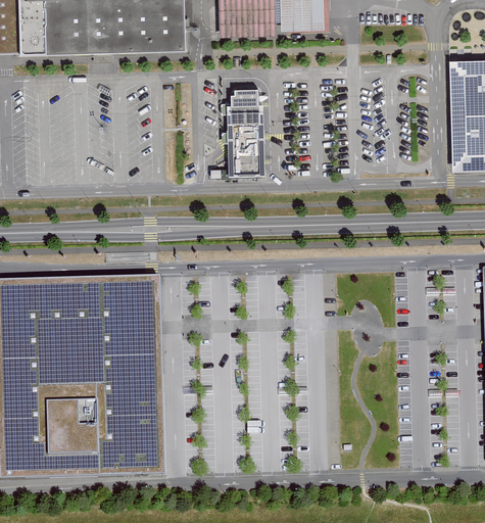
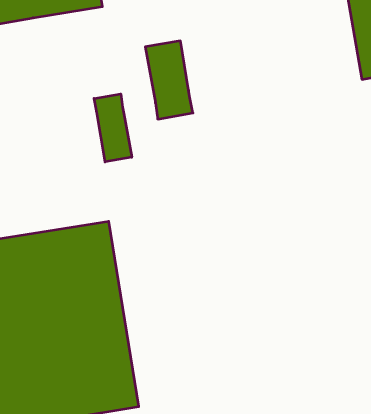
building: none -> [94,94,132,162]

